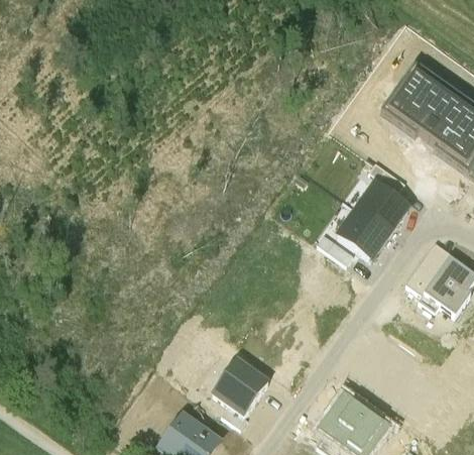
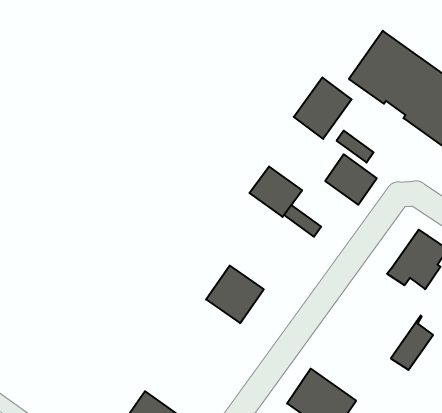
building: none -> [294,77,352,139]
building: [338,210,389,259] -> [249,166,302,217]
building: [405,241,447,295] -> [391,315,433,370]
building: [212,358,268,415] -> [206,266,264,323]

